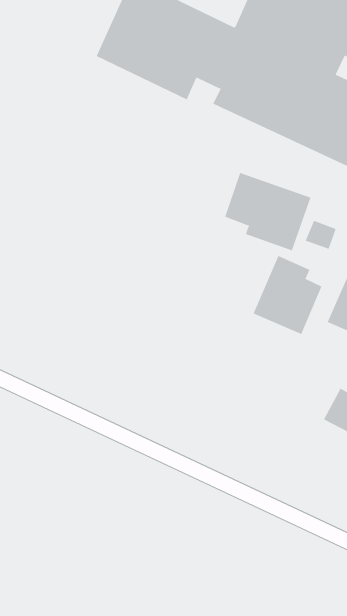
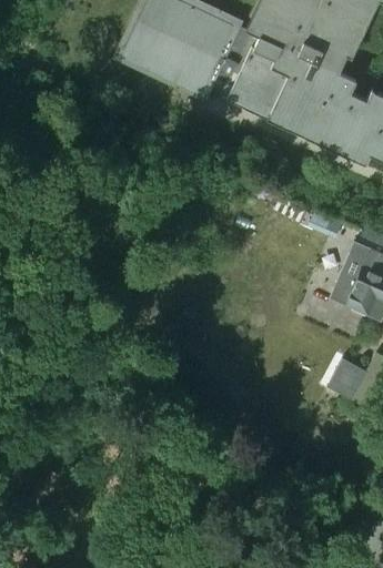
building: [224,172,311,251] -> none
building: [253,255,322,335] -> none

